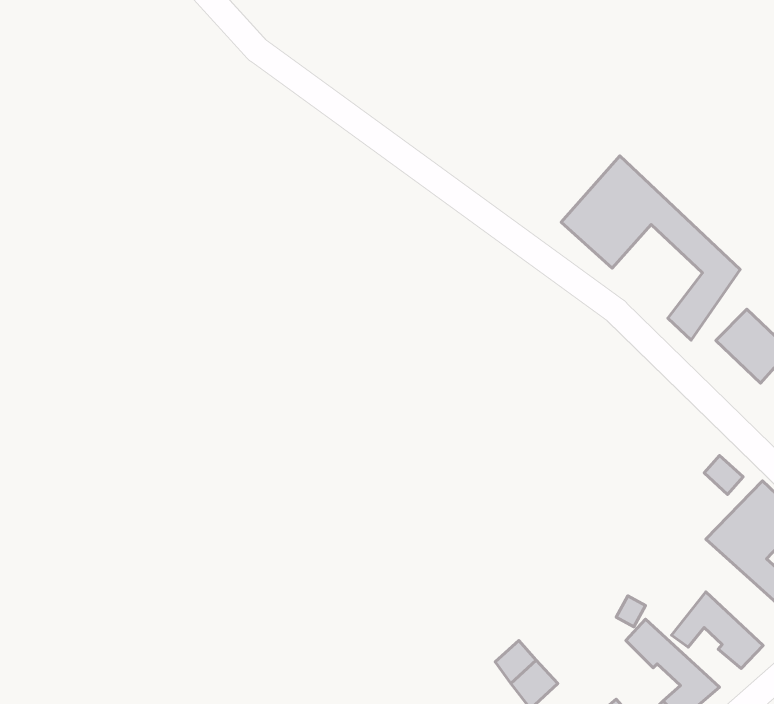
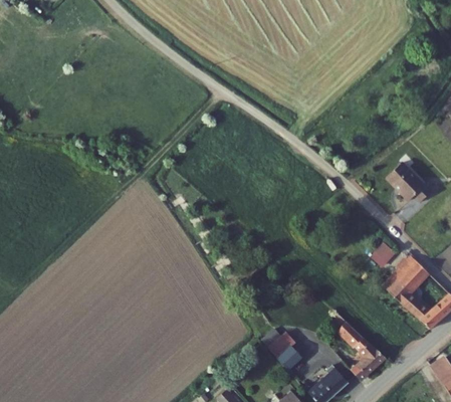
building: [561,156,740,340] -> none
building: [671,592,763,668] -> none

